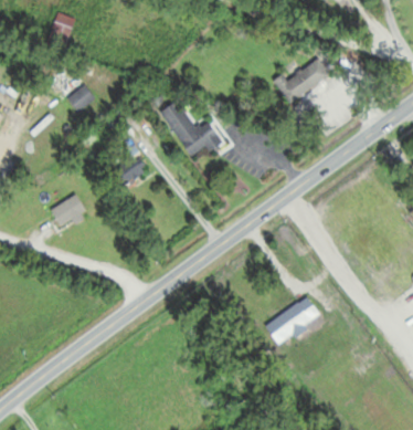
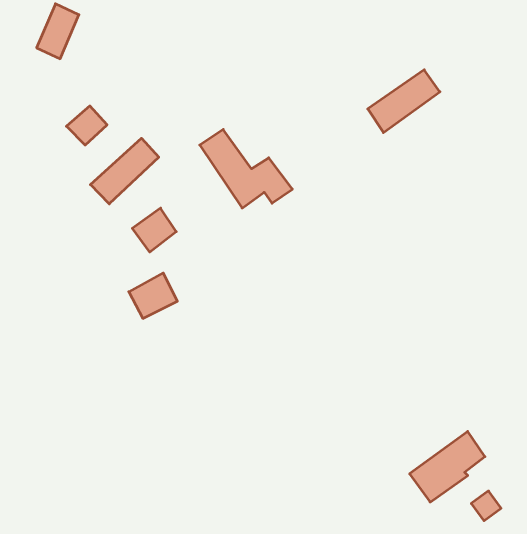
building: none -> [90,138,159,204]
building: [52,193,86,226] -> [129,273,177,318]
building: [265,295,318,345] -> [410,431,485,502]

